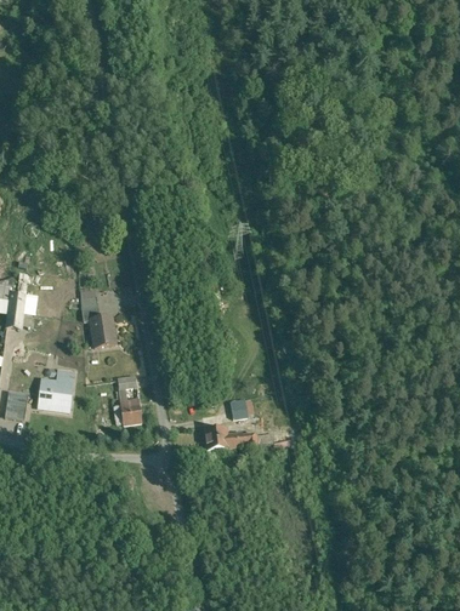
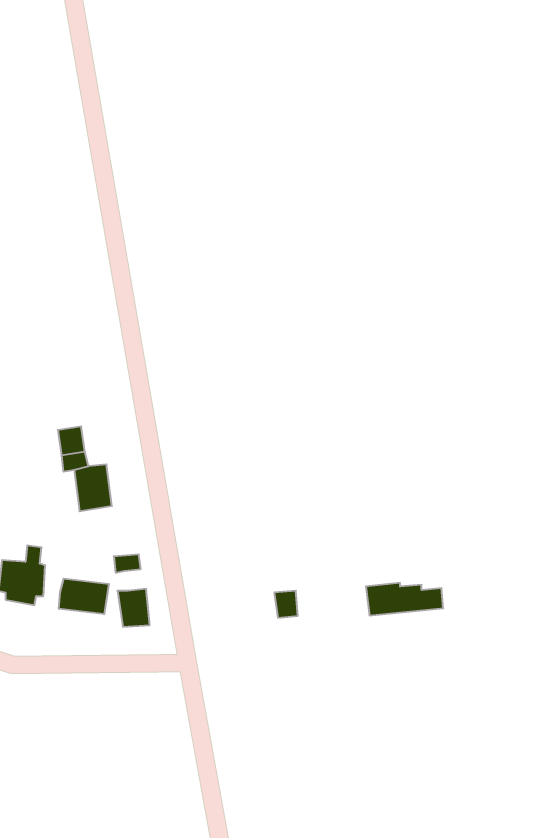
building: none -> [59,579,109,614]
building: [203,427,255,449] -> [366,583,443,615]

